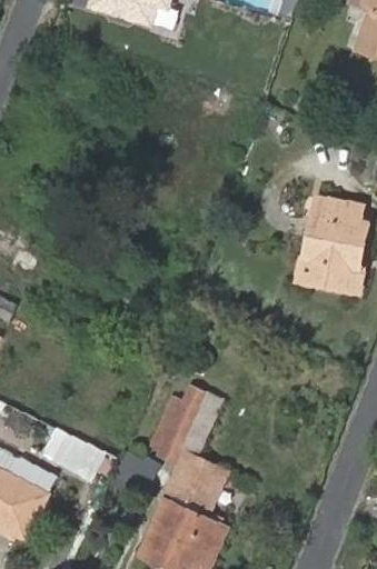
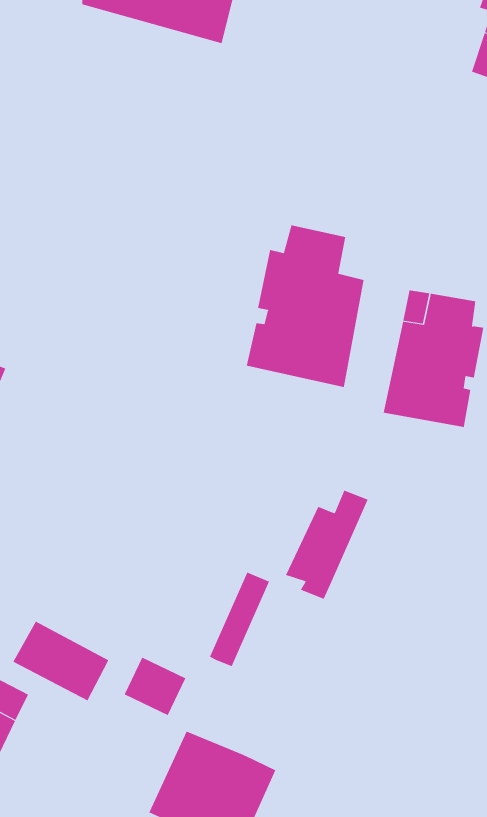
building: none -> [246,224,364,388]
building: [147,385,204,459] -> [285,490,369,600]
building: [162,451,222,516] -> none

